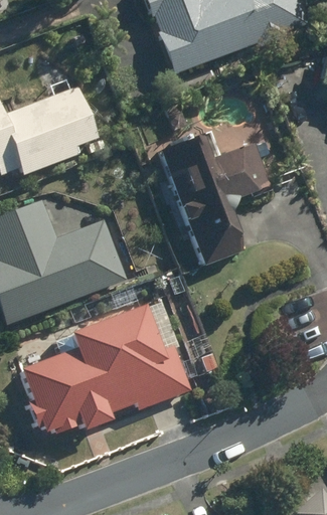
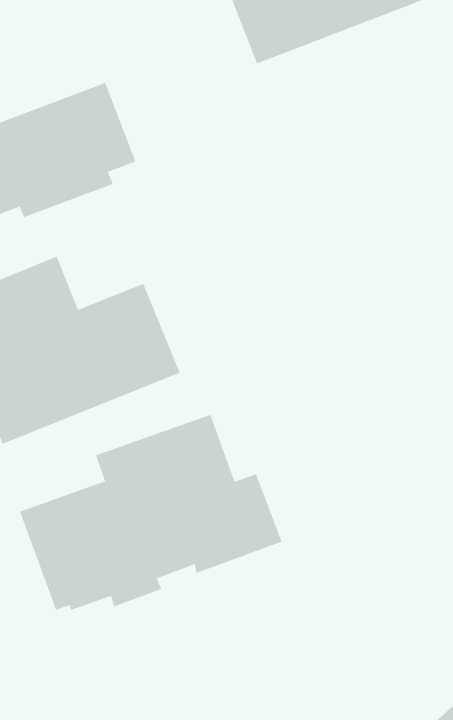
building: [161,136,273,269] -> none

